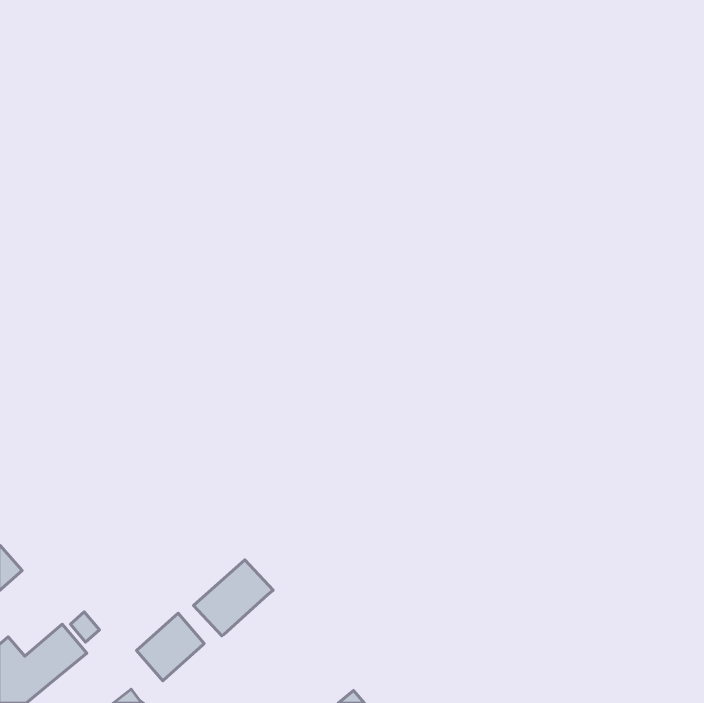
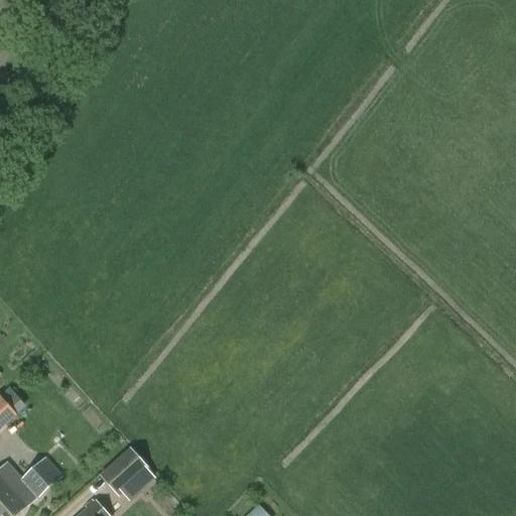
building: [193,560,273,636] -> none

